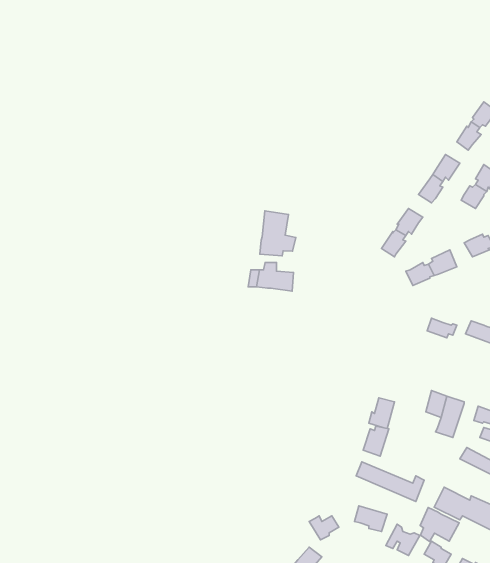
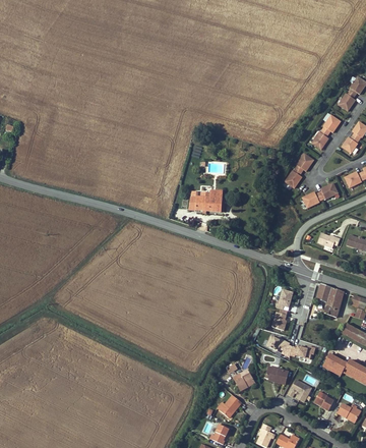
building: [260,211,296,256] -> none
building: [420,507,459,542] -> none

